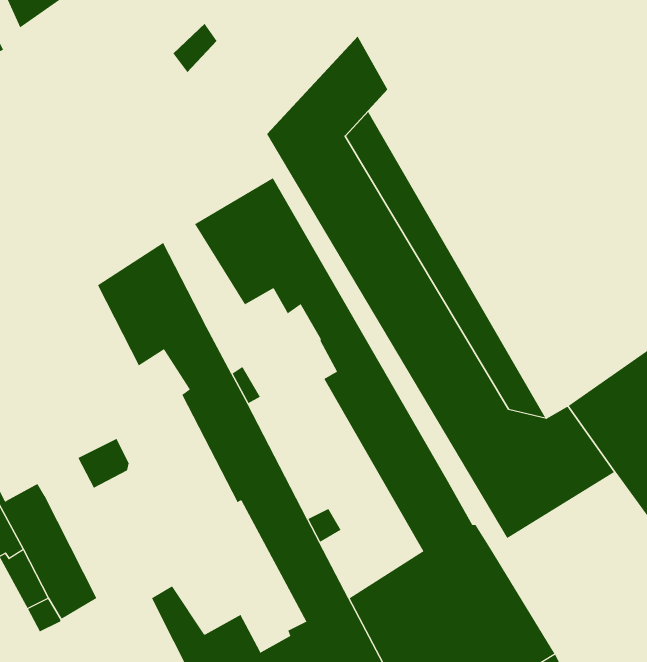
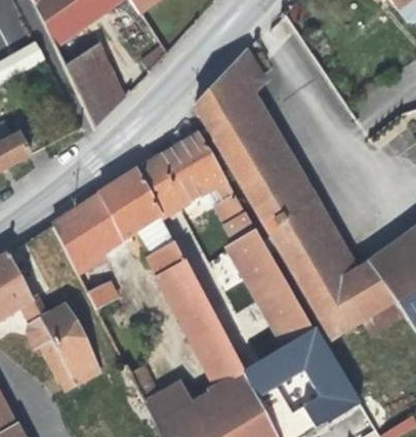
building: none -> [67,47,124,128]
building: none -> [137,158,183,216]
building: none -> [53,193,123,268]

